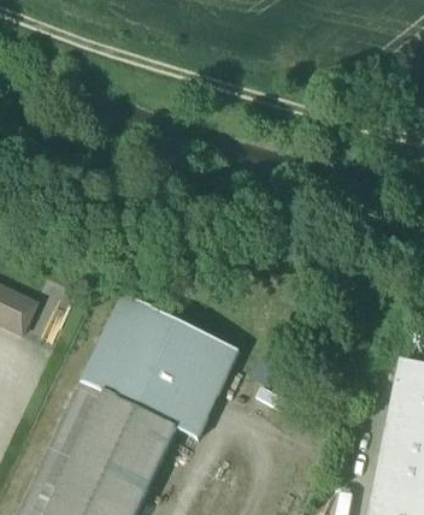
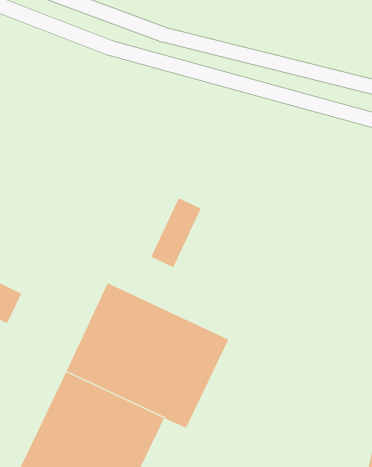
building: none -> [150,197,202,268]

